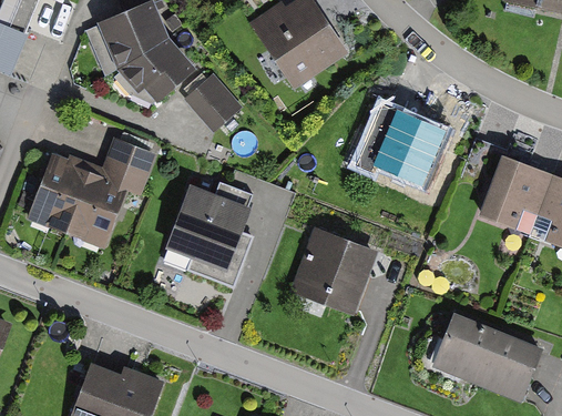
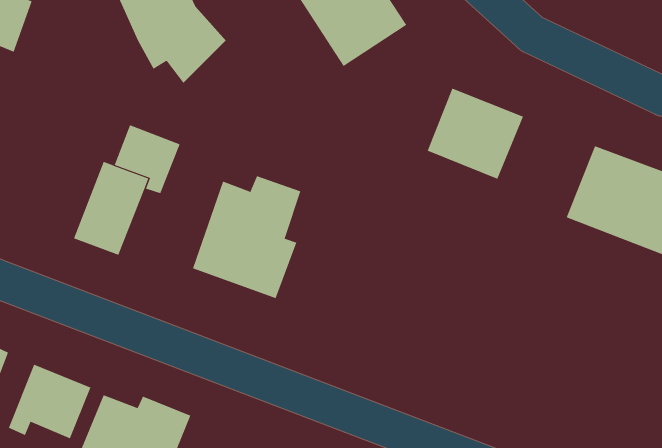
building: [183,72,243,133] -> none
building: [24,153,89,234] -> none
building: [292,230,377,313] -> none
building: [433,317,540,398] -> none
building: none -> [8,364,91,439]

